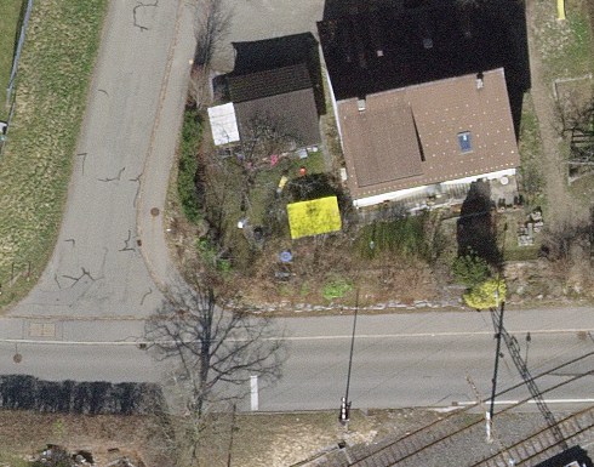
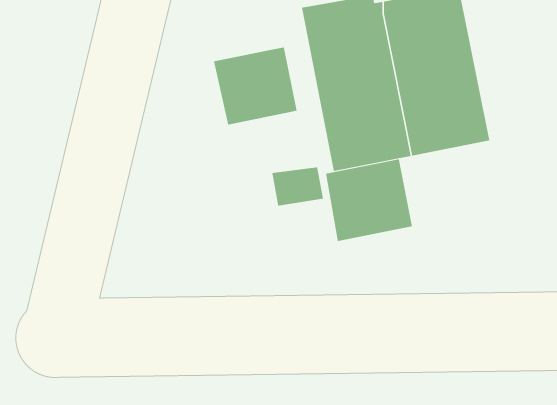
building: none -> [325,159,412,242]

